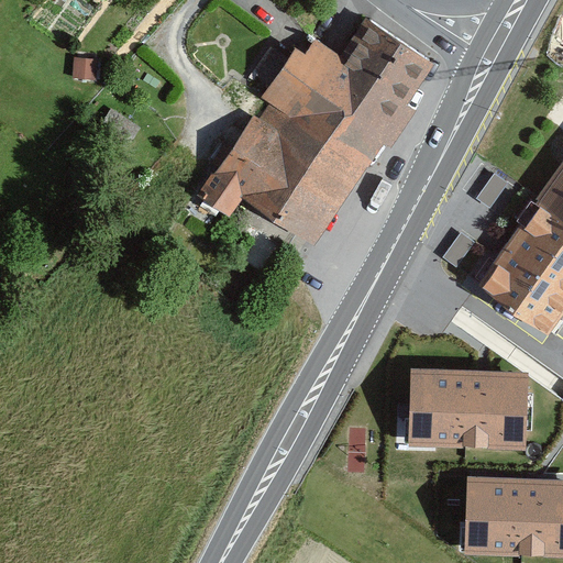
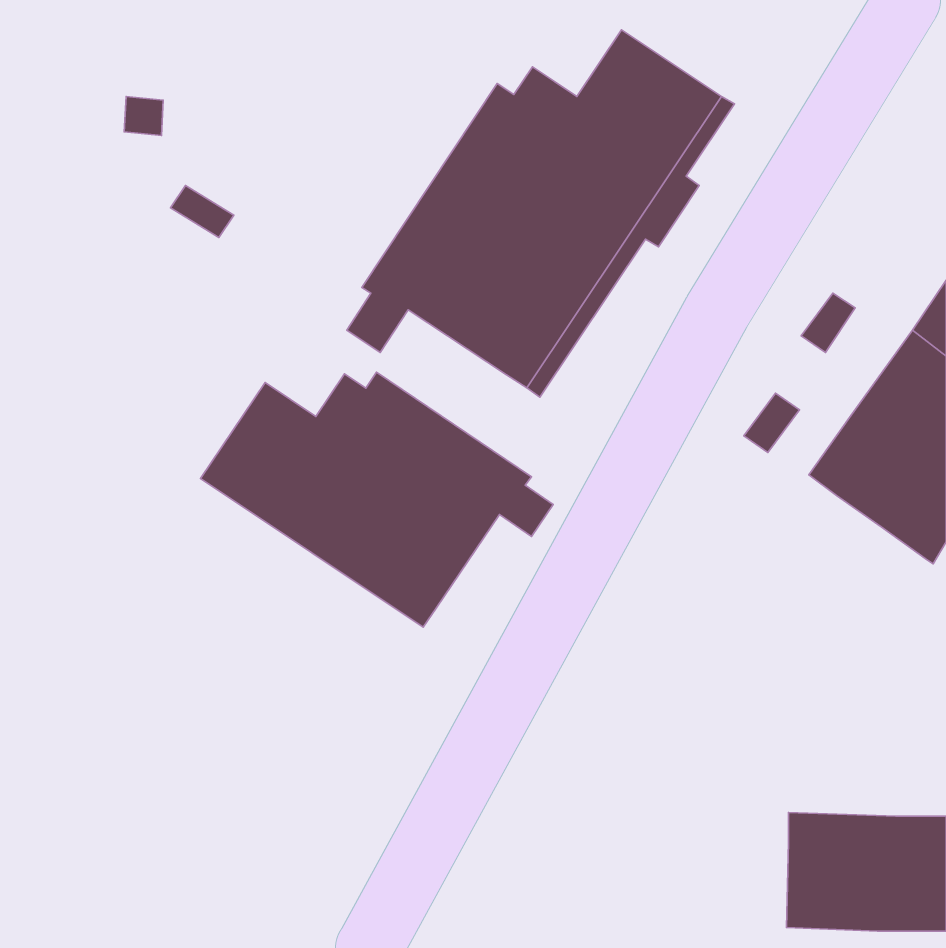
building: none -> [201,372,553,627]
building: [409,371,525,449] -> none

